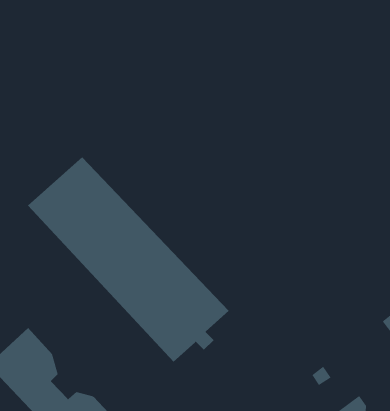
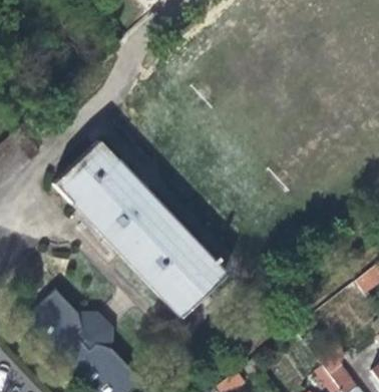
building: none -> [74,309,113,347]

